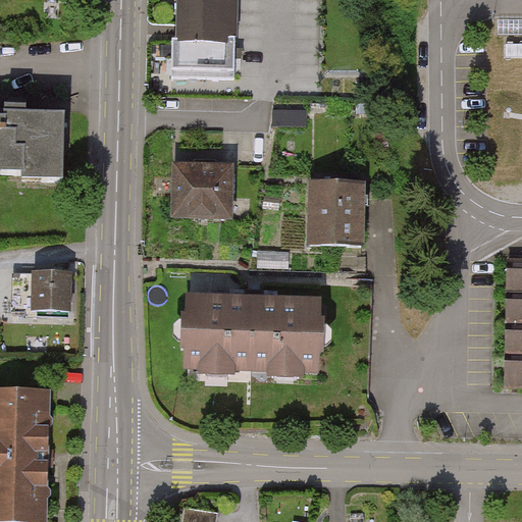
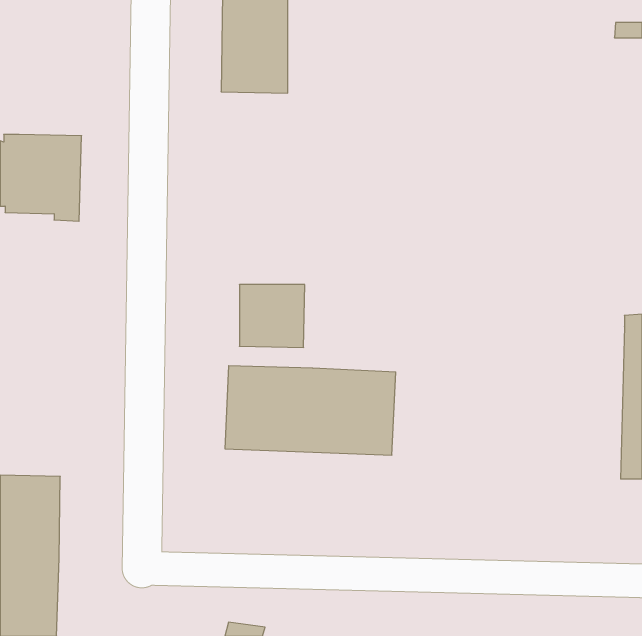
building: [176,165,229,216] -> [239,285,305,347]
building: [307,179,366,244] -> none
building: [22,269,72,310] -> none

